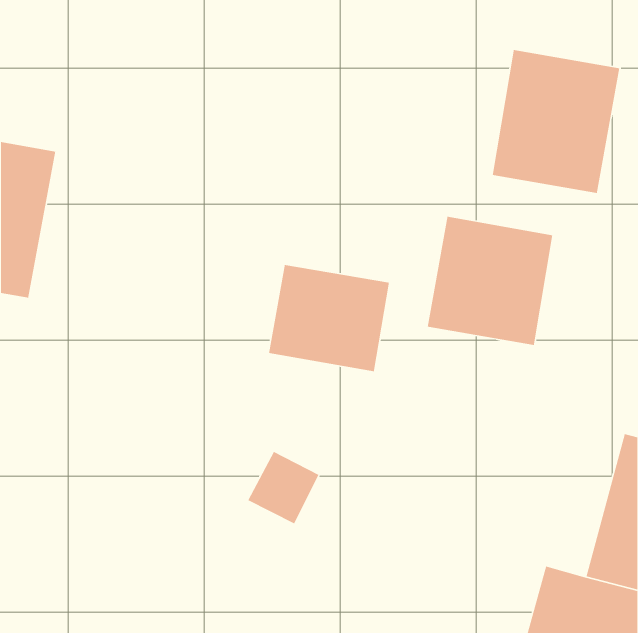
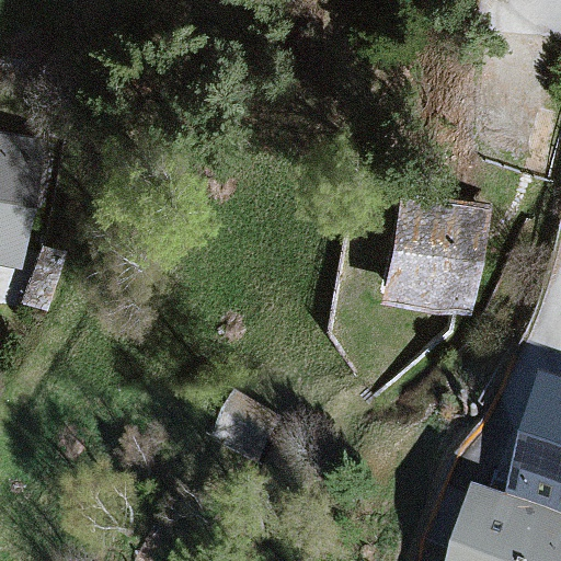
building: [492,49,620,194] -> none
building: [268,264,390,372] -> none

